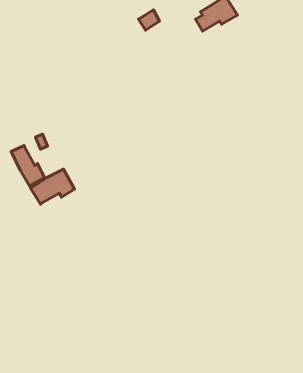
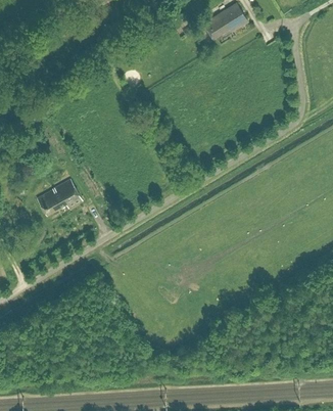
building: [11,146,45,186] -> none

